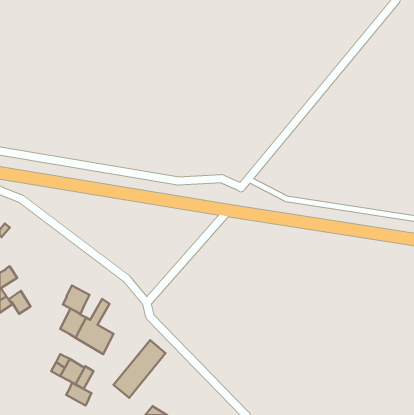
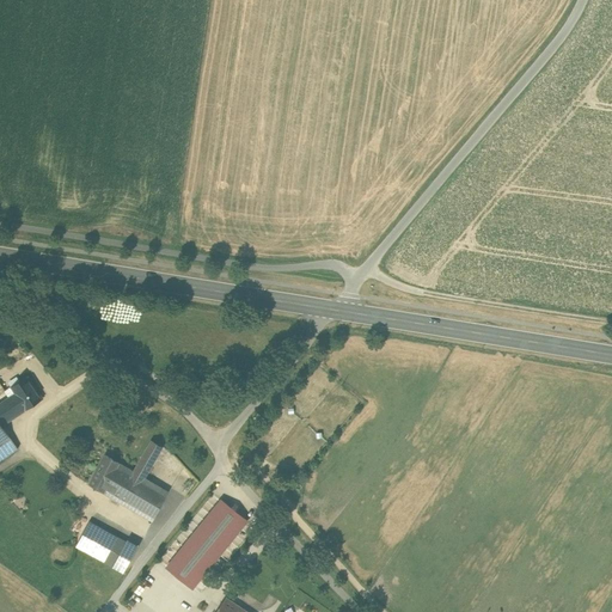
building: [63,286,90,314] -> none
building: [9,291,31,314] -> [10,375,42,409]
building: [66,383,91,406] -> none

